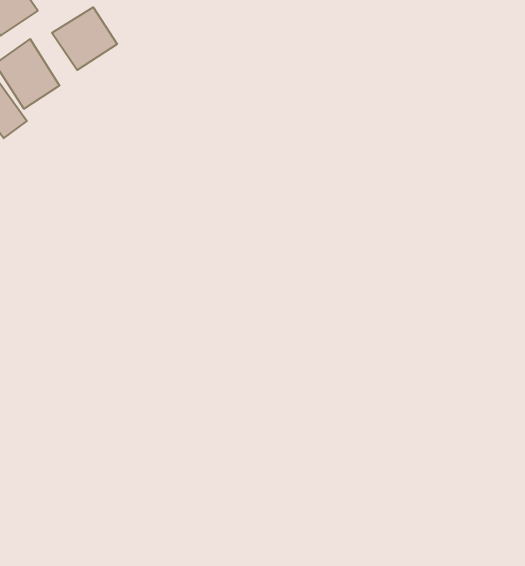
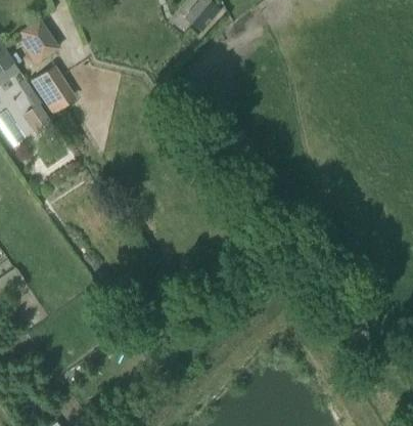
building: [52,7,117,70] -> none

